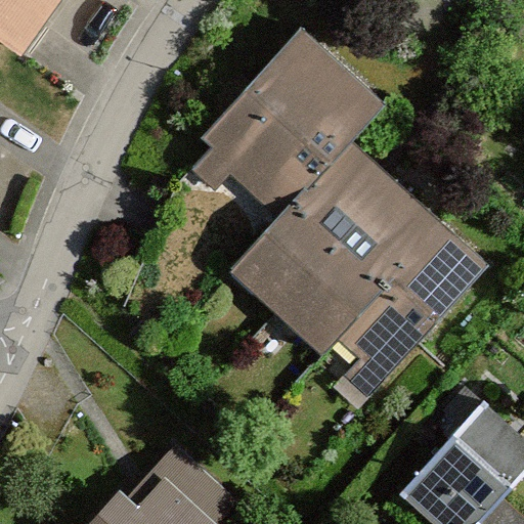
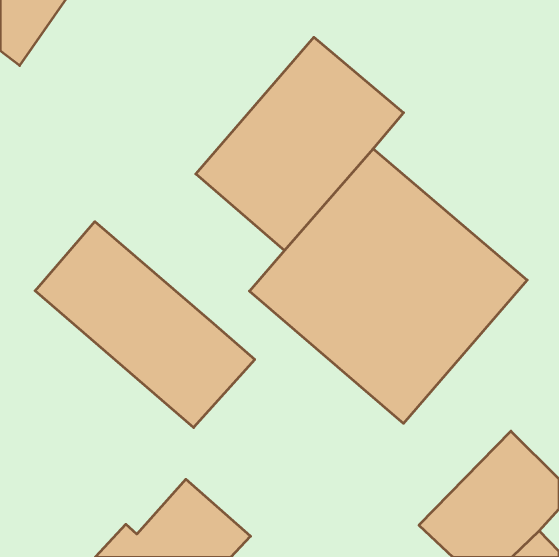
building: none -> [35,222,255,428]

